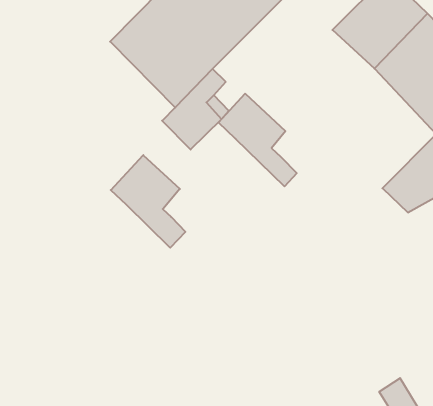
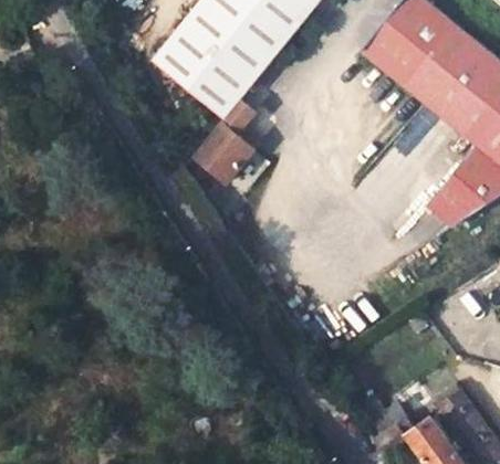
building: [218,94,297,186] -> none
building: [111,155,185,248] -> none

